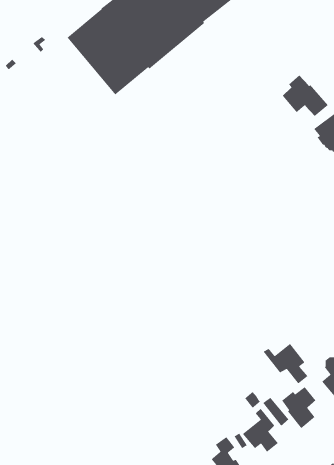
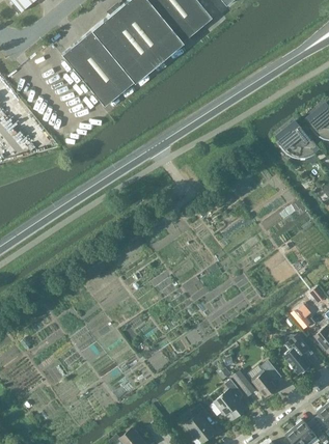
building: [282,74,329,117] -> none
building: [262,343,308,384] -> none

